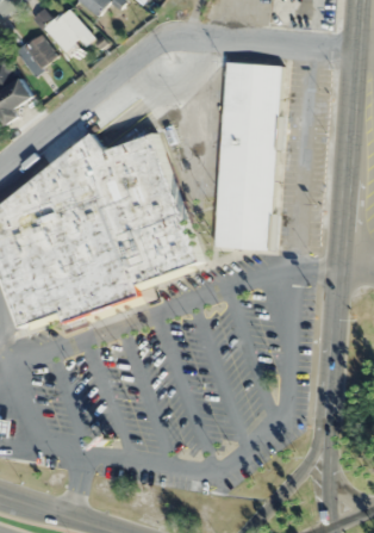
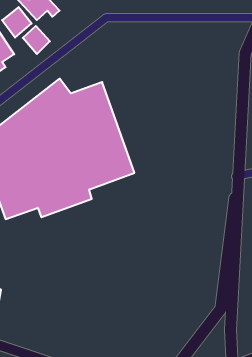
building: none -> [23,26,50,54]
building: [212,60,291,254] -> none

